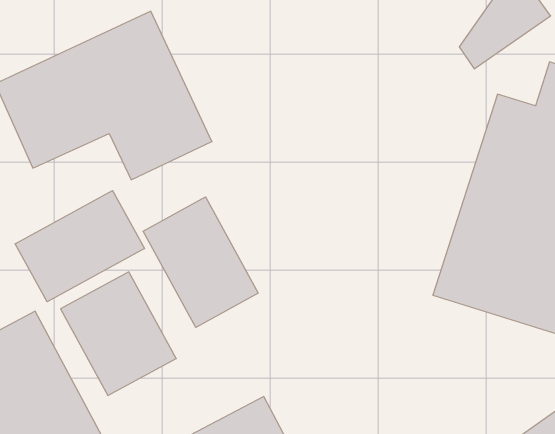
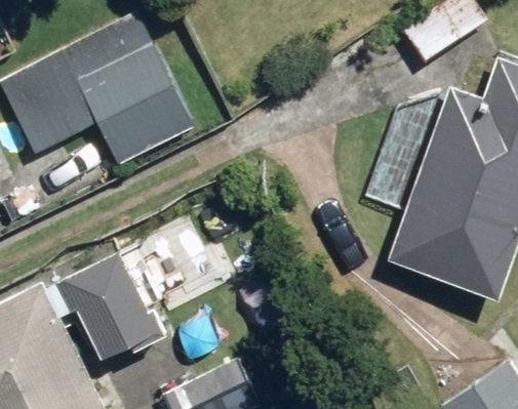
building: [15,191,145,302] -> none
building: [143,197,258,327] -> none

